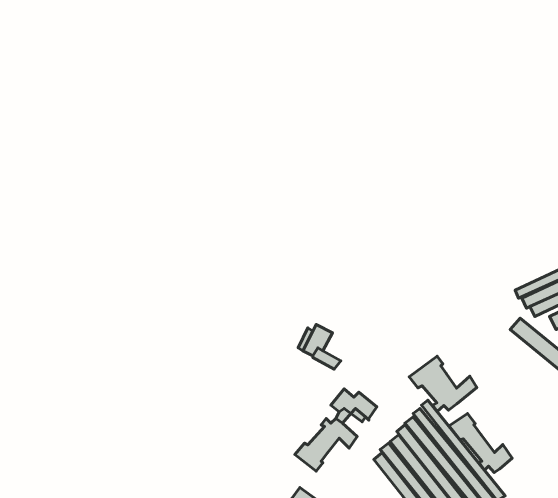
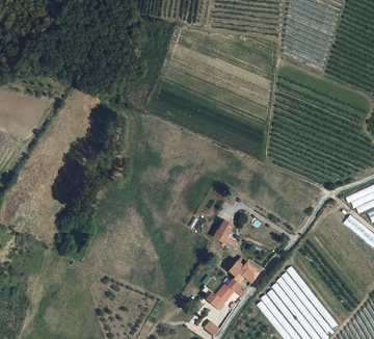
building: [409,356,477,412] -> none
building: [449,413,512,472] -> none

